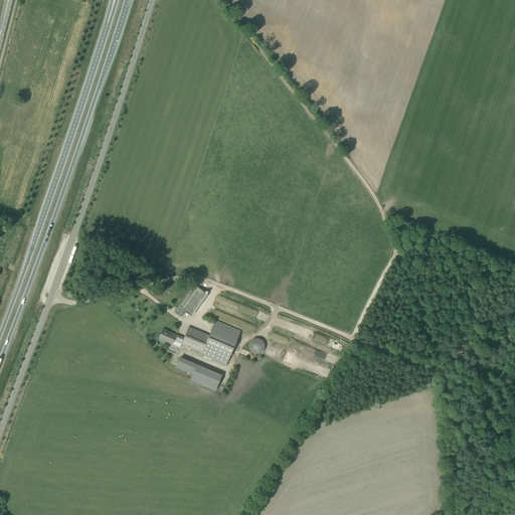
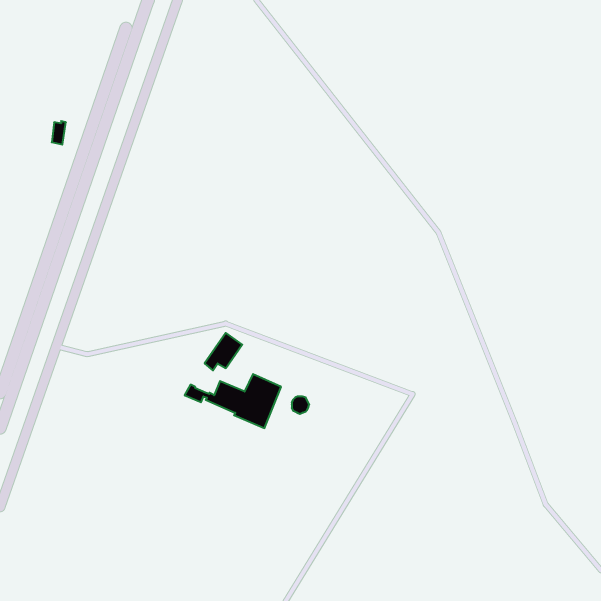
building: [175,356,222,391] -> none

